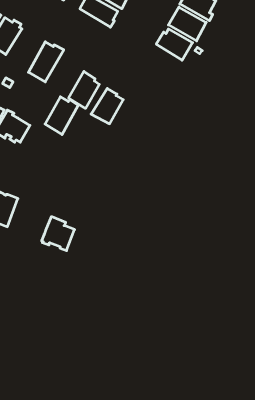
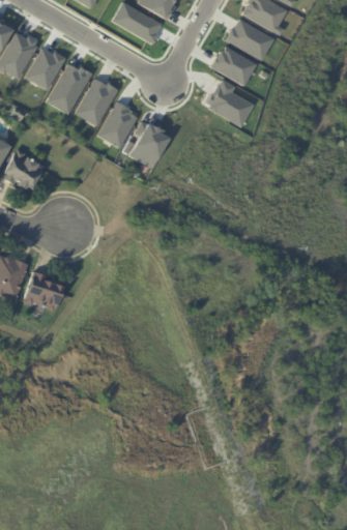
building: none -> [25,48,64,90]
building: none -> [206,80,254,127]
building: [45,97,78,135] -> [75,79,117,127]
building: [42,217,75,251] -> [25,269,67,313]

